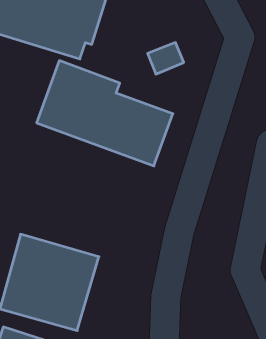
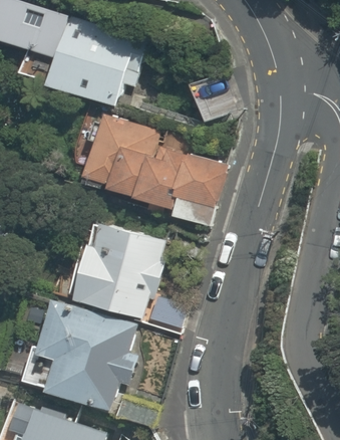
building: none -> [71,217,188,328]

